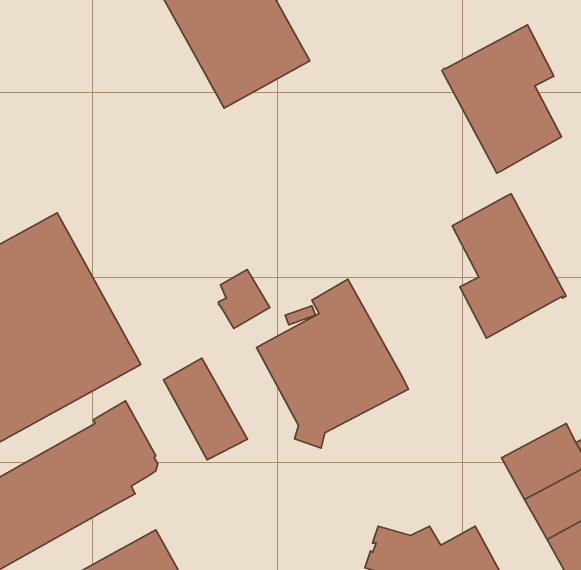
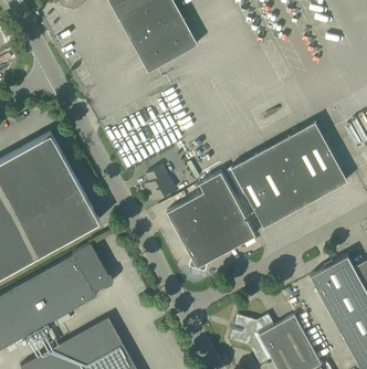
building: [442,25,562,173] -> [231,141,301,228]
building: [163,358,247,460] -> none

